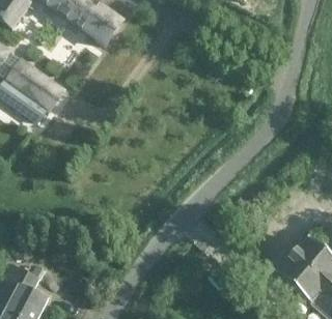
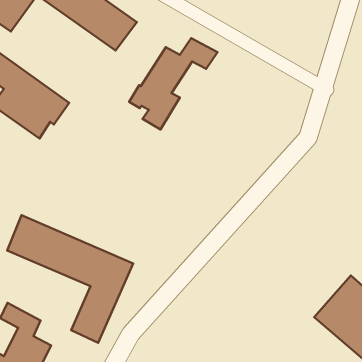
building: none -> [129,38,218,129]
building: none -> [7,215,133,343]

